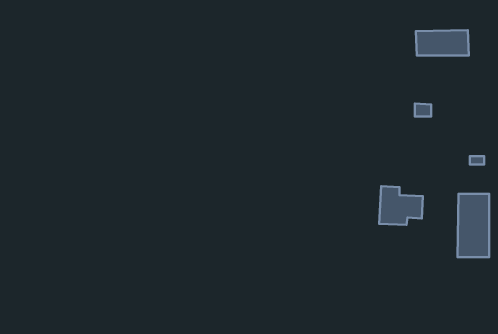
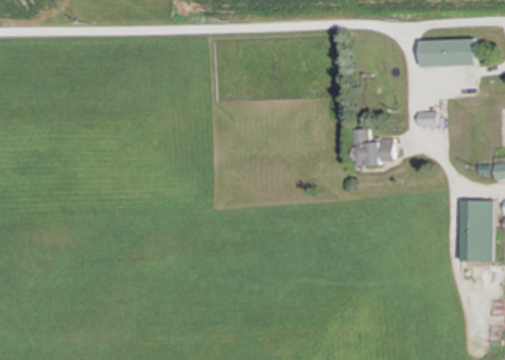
building: [379,186,423,225] -> [350,129,393,167]

